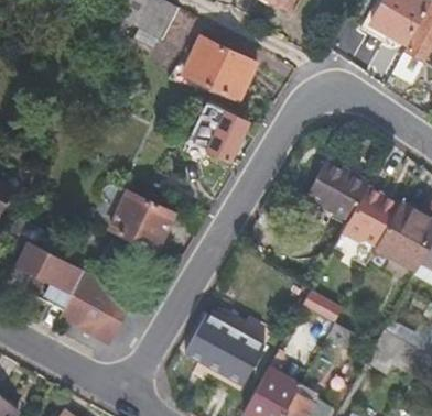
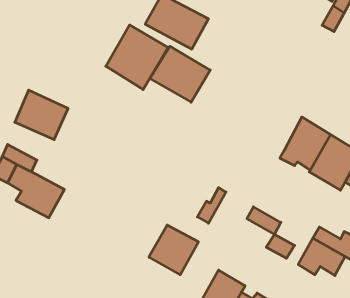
building: none -> [106,25,168,90]
building: [305,158,370,222] -> none
building: [110,190,174,250] -> [15,90,68,140]
building: [60,270,133,341] -> none
building: [224,332,267,384] -> none

